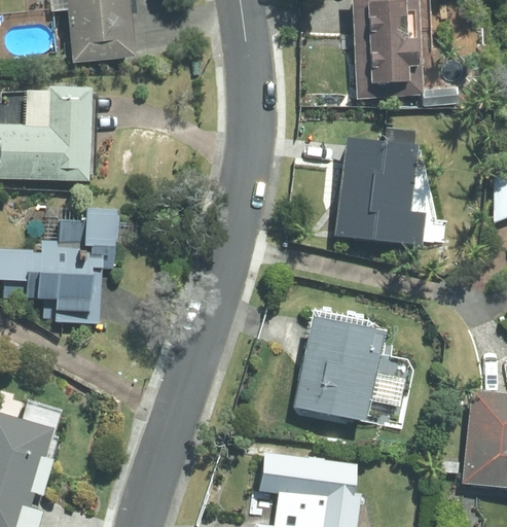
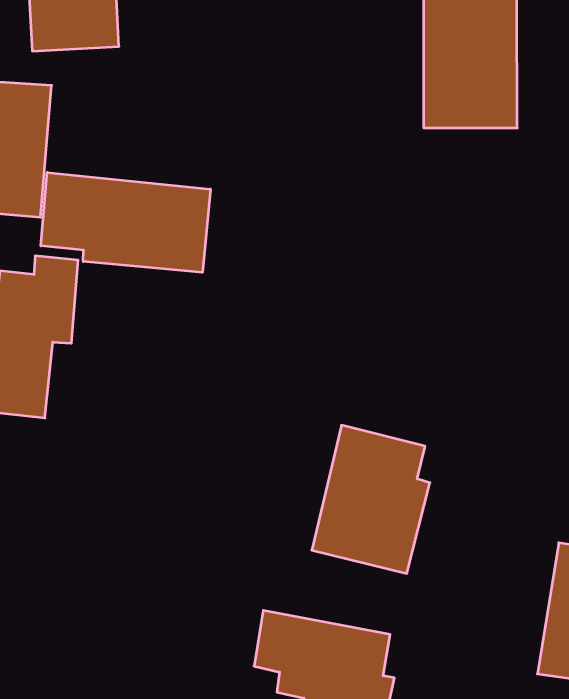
building: [335,127,427,243] -> none
building: none -> [41,172,210,272]

